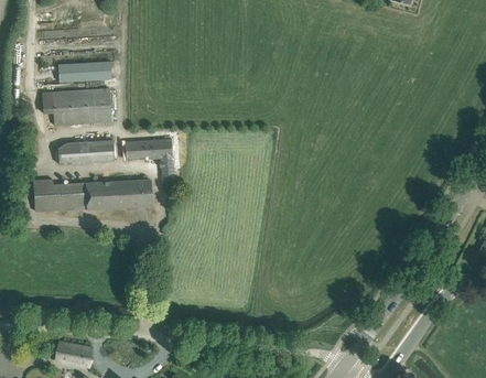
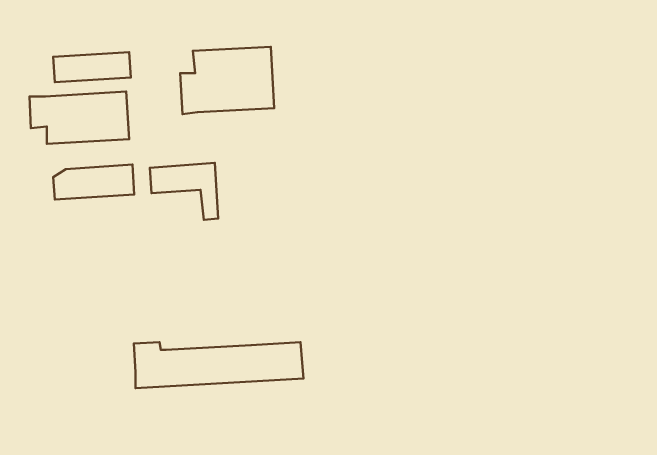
building: none -> [180,47,274,114]
building: [34,180,152,212] -> [134,342,304,388]

